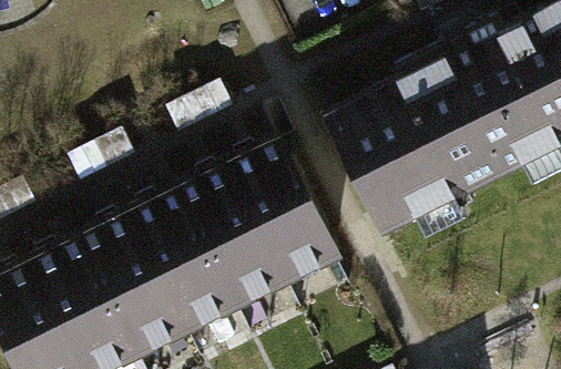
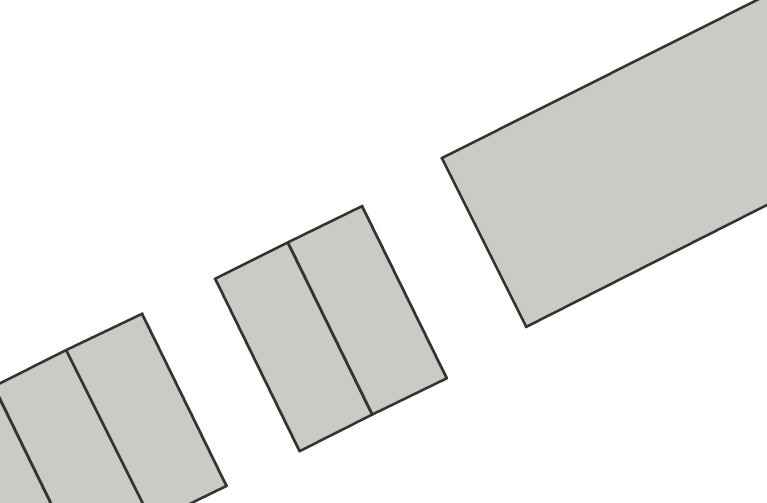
building: [136,196,242,335] -> none

